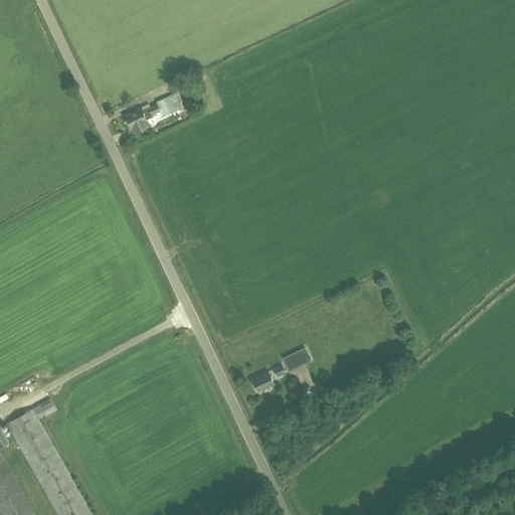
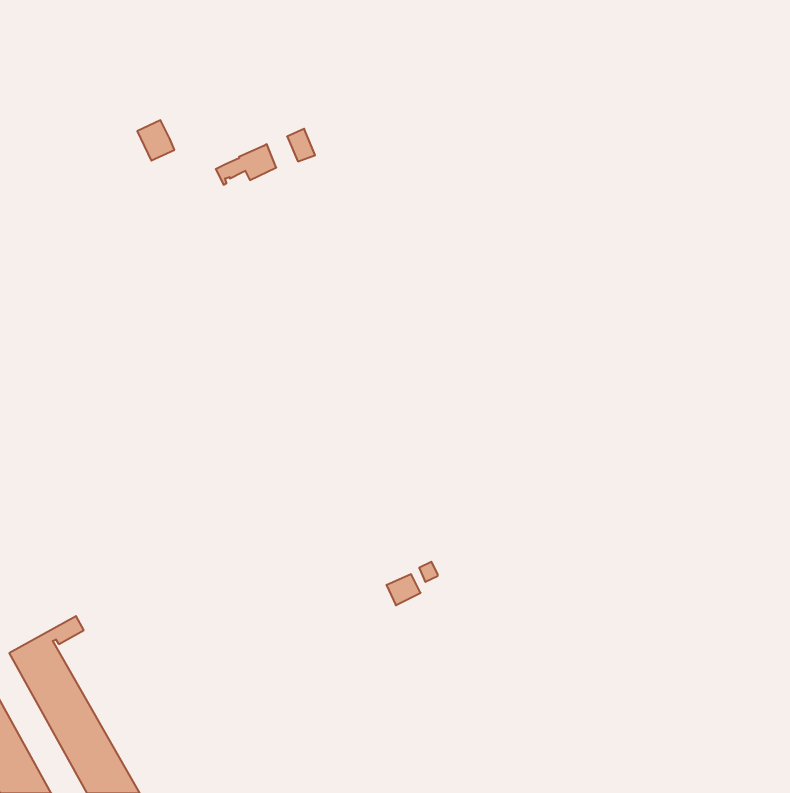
building: [124,108,148,134] -> [137,120,174,161]
building: [281,347,310,371] -> none

